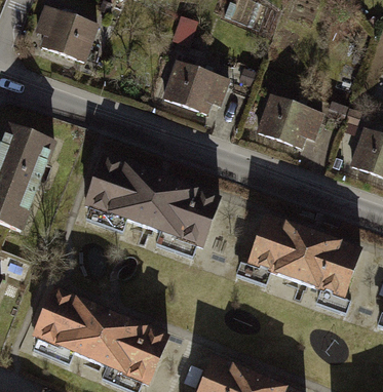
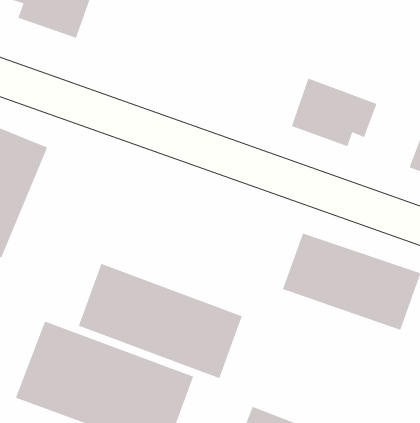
building: [159,58,228,114] -> none
building: [85,154,217,246] -> [78,263,243,379]

